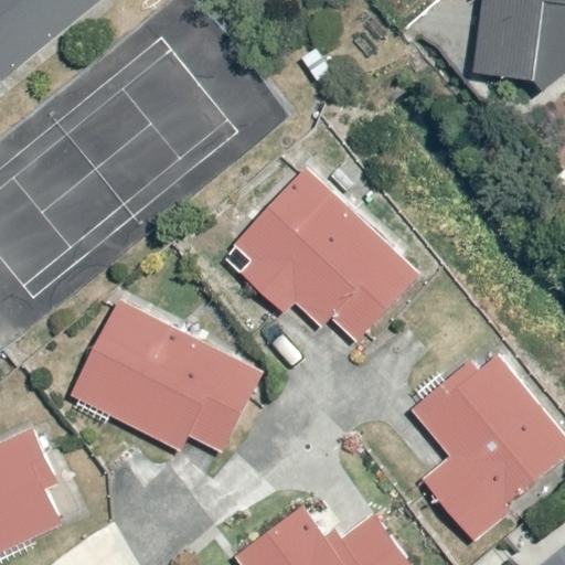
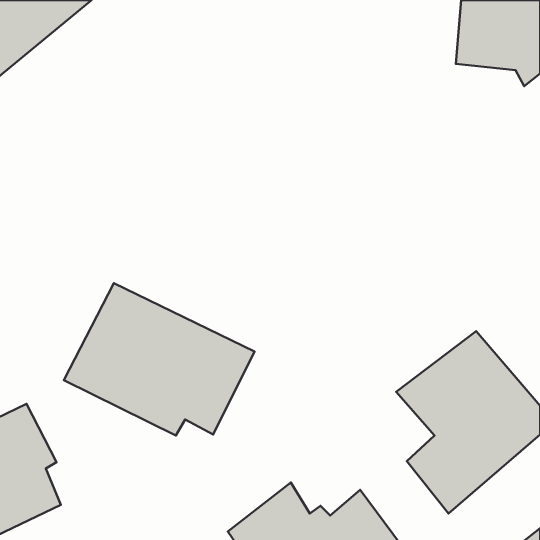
building: [236,168,419,341] -> none

